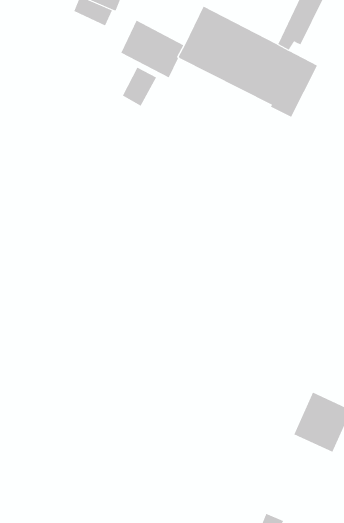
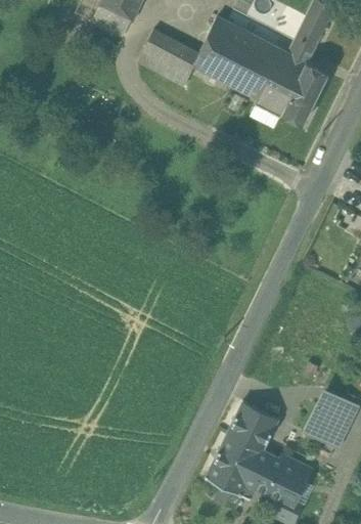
building: [122,67,157,107] -> none
building: none -> [206,402,309,508]

